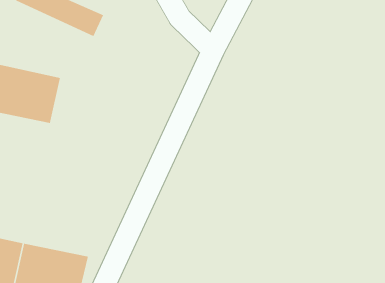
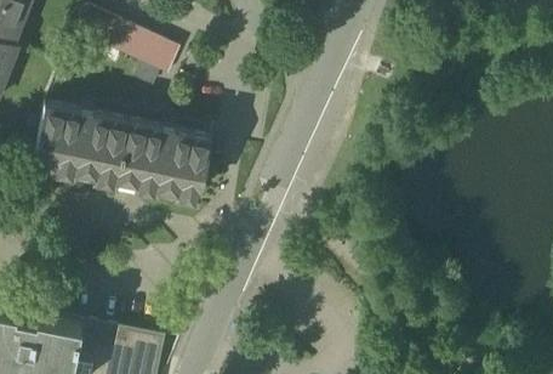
building: none -> [116,121,212,194]

